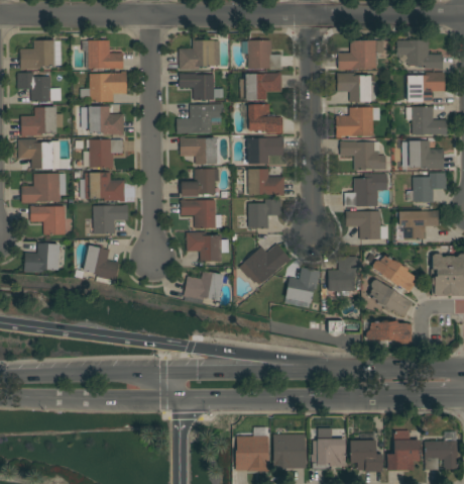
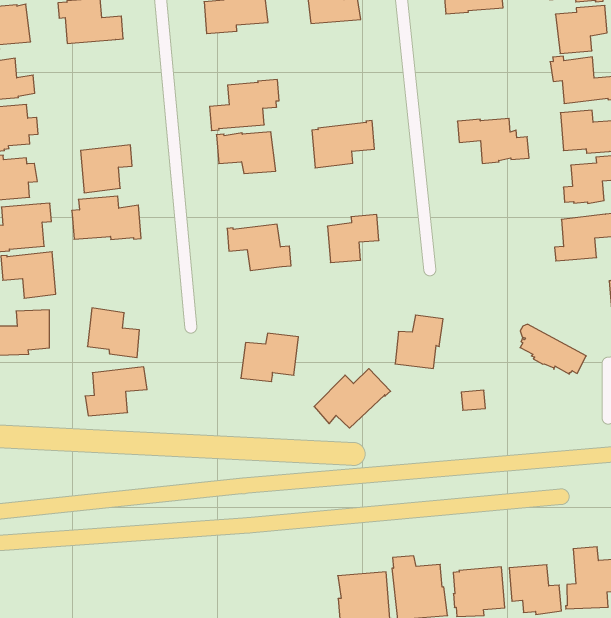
building: [80,72,127,102] -> none
building: [240,73,281,100] -> none
building: [180,74,223,100] -> none
building: [337,74,370,102] -> none
building: [247,105,282,134] -> none
building: [88,106,124,135] -> none
building: [336,107,380,138] -> none
building: [244,169,284,196] -> none
building: [181,170,219,197] -> none
building: [344,174,387,207] -> none
building: [87,205,128,234] -> [85,367,147,416]
building: [346,211,387,239] -> none
building: [187,232,228,262] -> none
building: [239,245,291,283] -> [314,369,391,428]
building: [372,256,417,293] -> none
building: [327,257,361,296] -> none
building: [365,319,412,345] -> none

